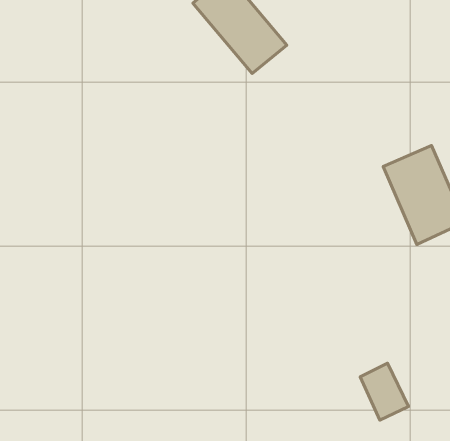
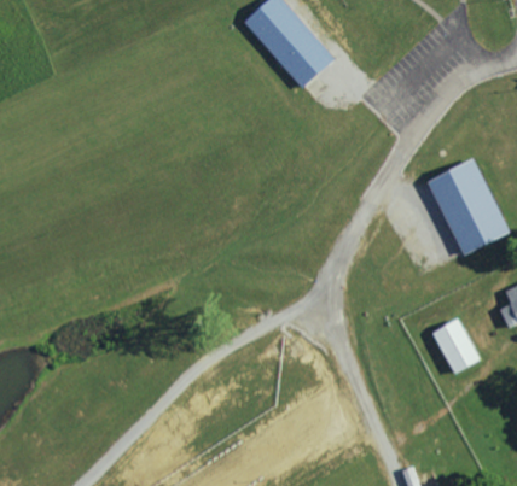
building: [360,363,408,420] -> [432,318,480,374]

